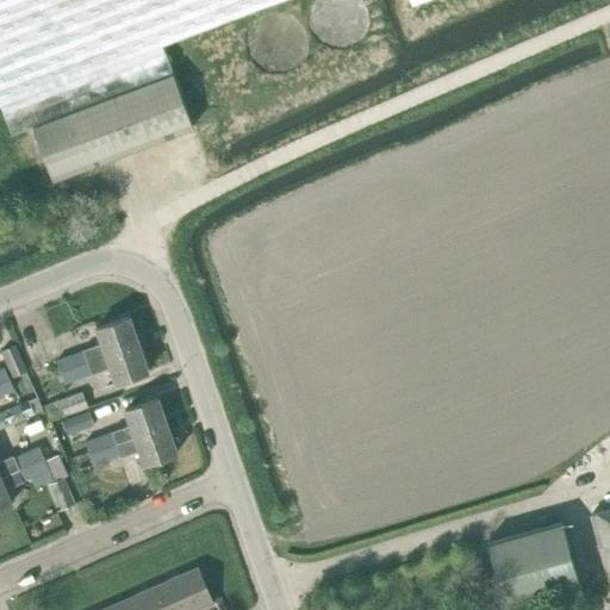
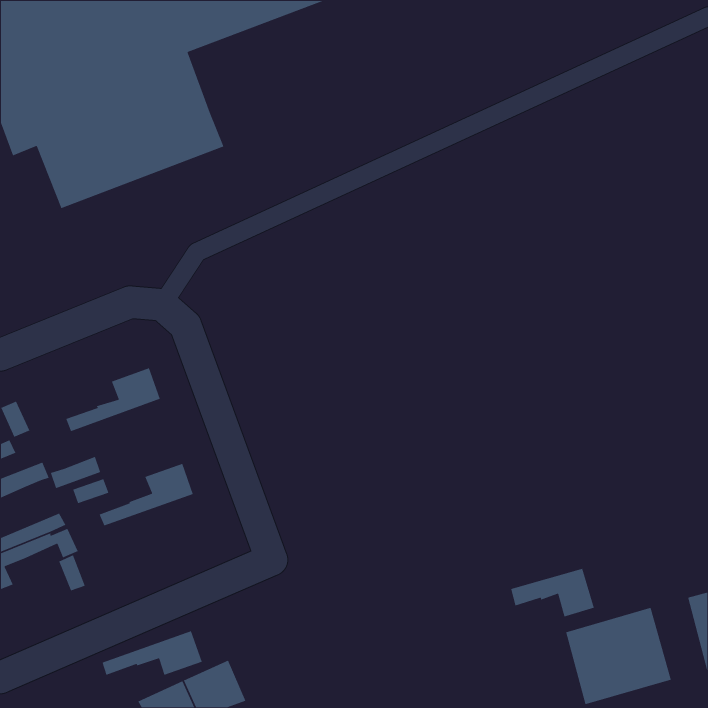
building: [61,343,148,382] -> none
building: [89,425,176,465] -> [102,630,203,676]
building: none -> [510,568,595,618]

